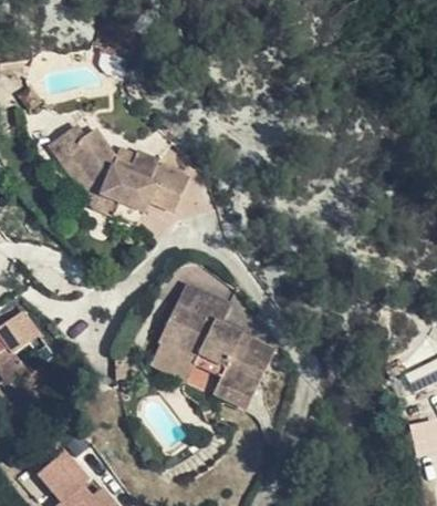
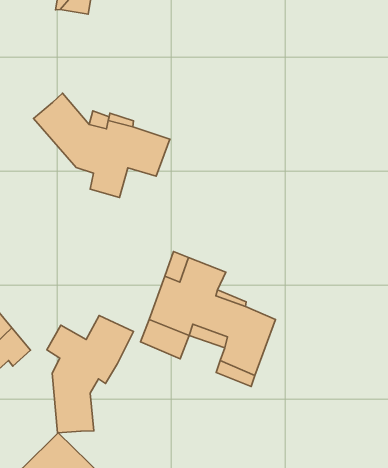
building: [51,123,118,218] -> none
building: none -> [47,316,134,433]

